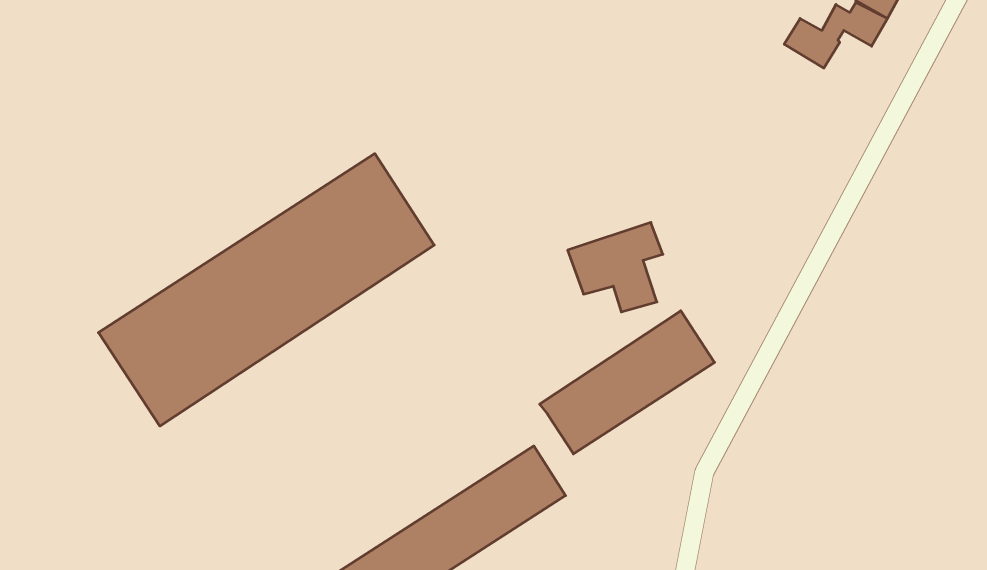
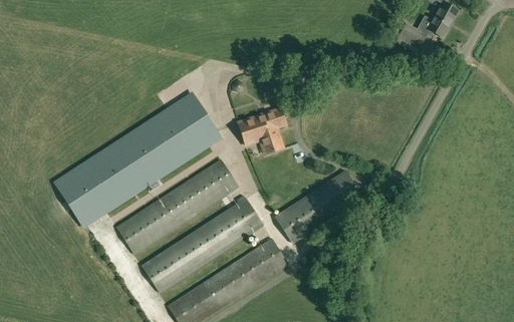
building: [568,222,663,312] -> [238,107,286,152]
building: none -> [115,157,239,254]
building: none -> [141,197,264,292]

